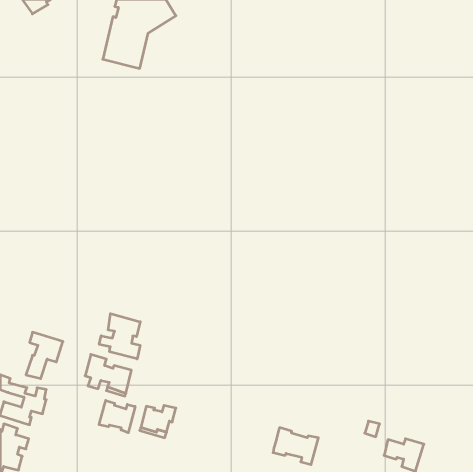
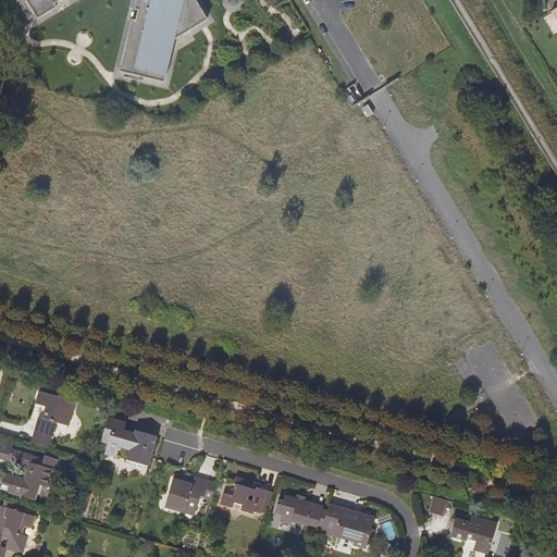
building: [99,314,140,359] -> none
building: [99,400,135,433] -> none
building: none -> [221,476,267,512]
building: none -> [274,494,322,524]

